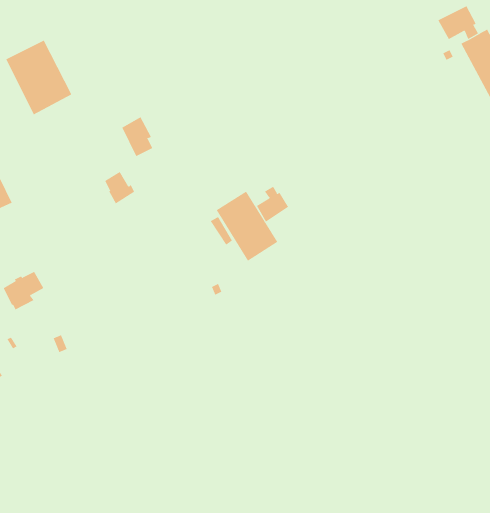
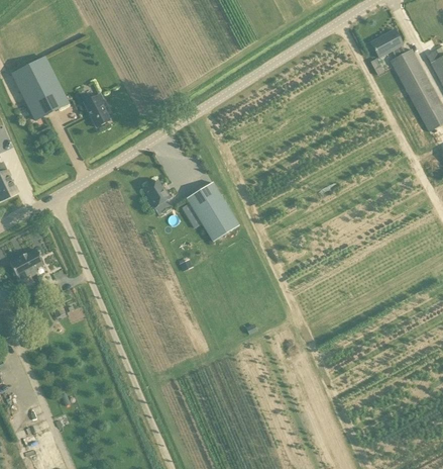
building: [121,117,153,157] -> [84,93,110,126]
building: [104,171,135,204] -> [144,180,170,207]
building: [256,186,289,222] -> none

